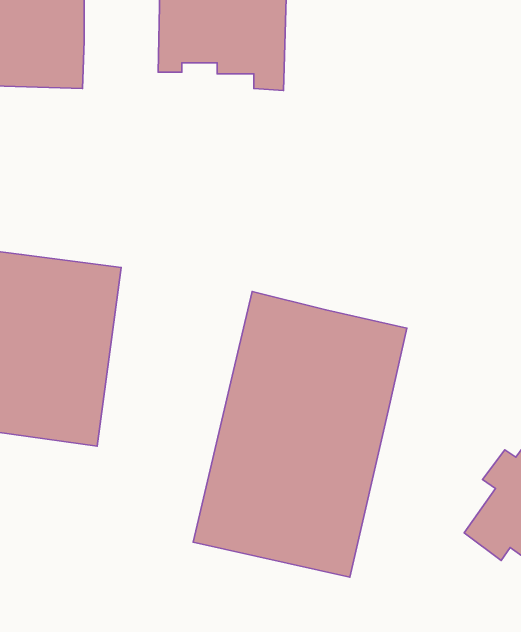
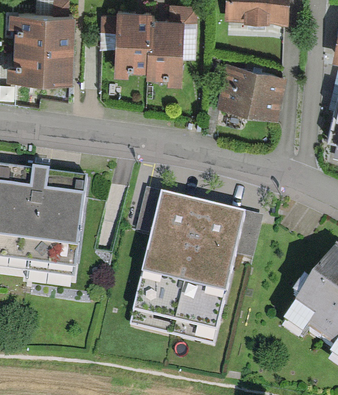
building: none -> [214,62,283,118]

